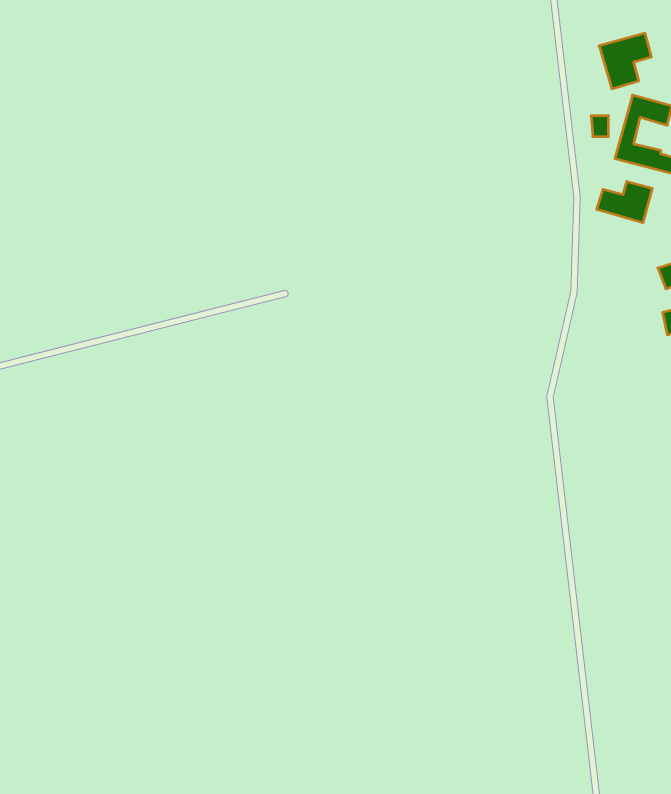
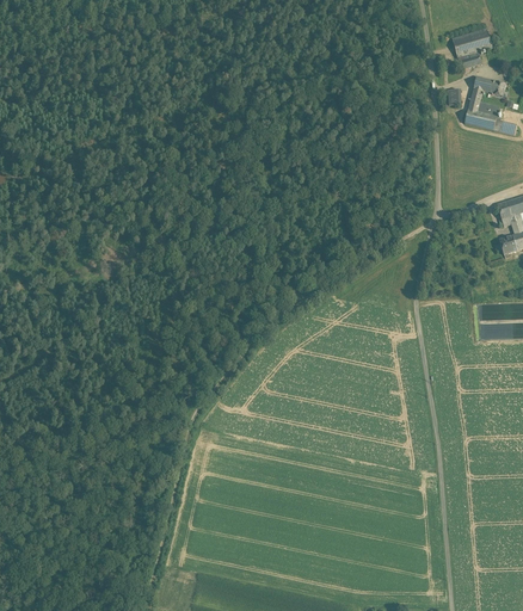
building: [597,181,652,223] -> none

